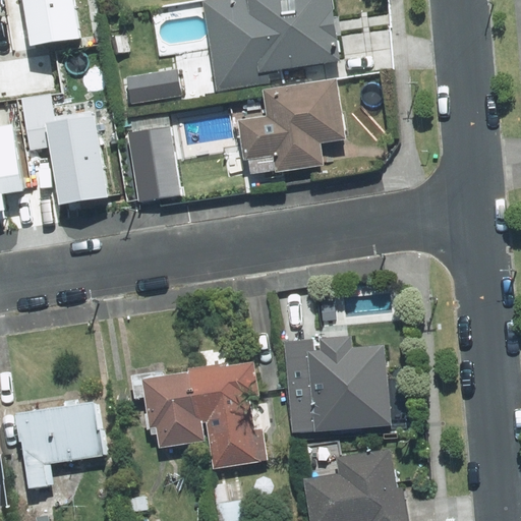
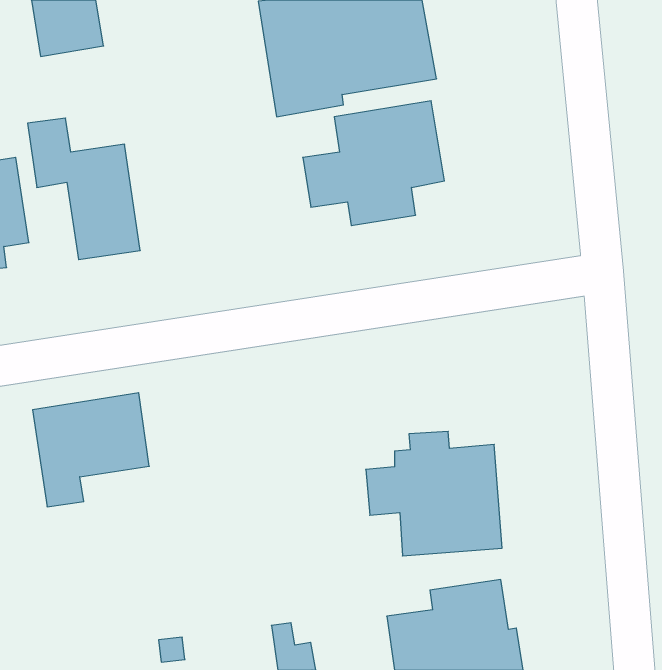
building: [124,70,179,106] -> none
building: [126,126,179,202] -> none
building: [140,359,266,470] -> none
building: [15,401,106,489] -> [33,393,149,507]

